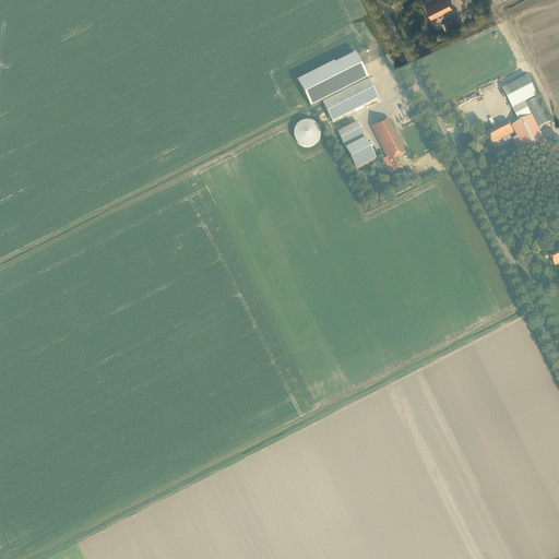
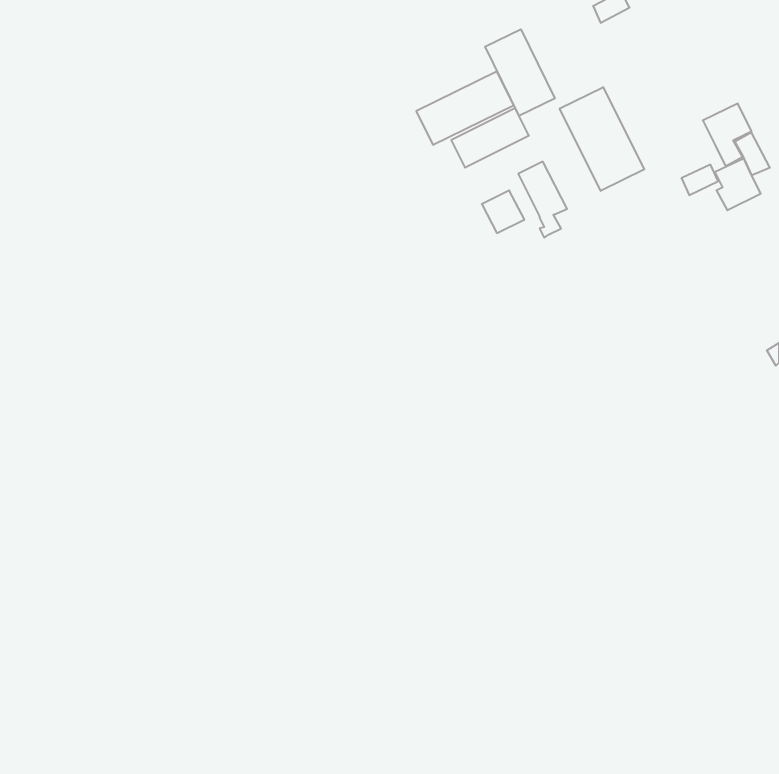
building: none -> [485,29,555,116]
building: none -> [560,87,644,191]
building: [294,118,321,144] -> none
building: [337,119,365,146] -> none

